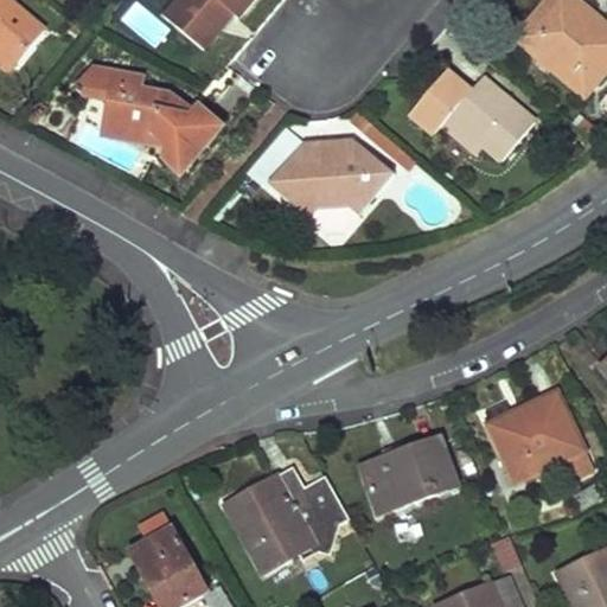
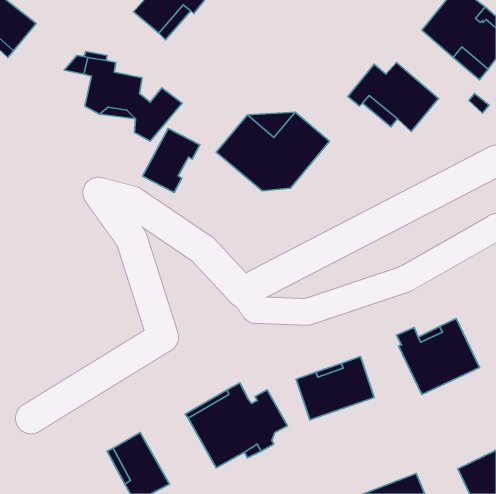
building: none -> [143,128,200,193]

